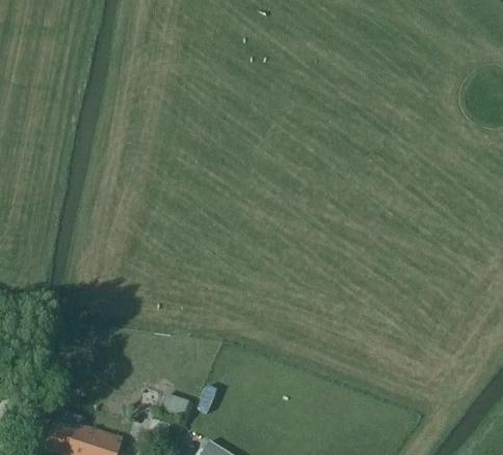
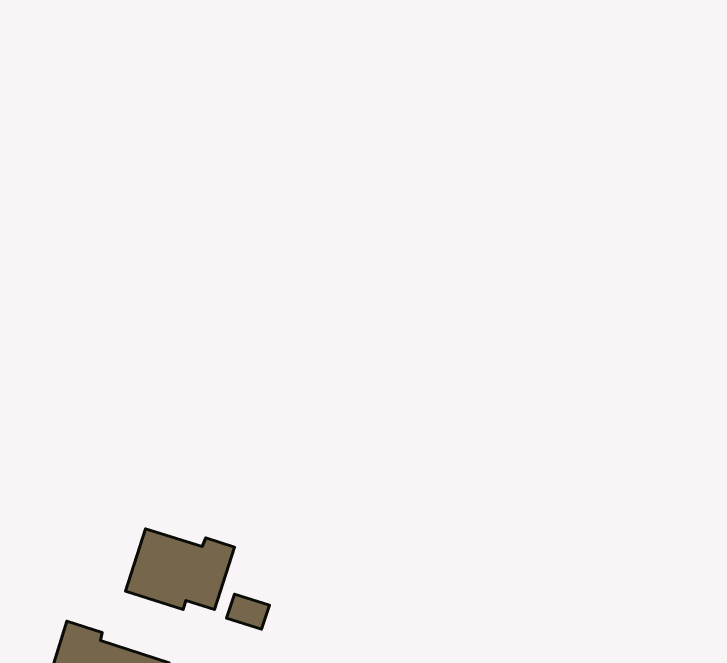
building: none -> [126,529,235,610]

